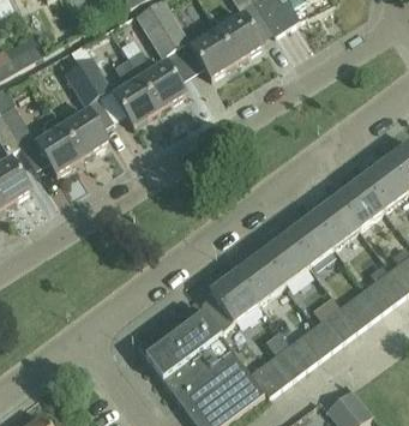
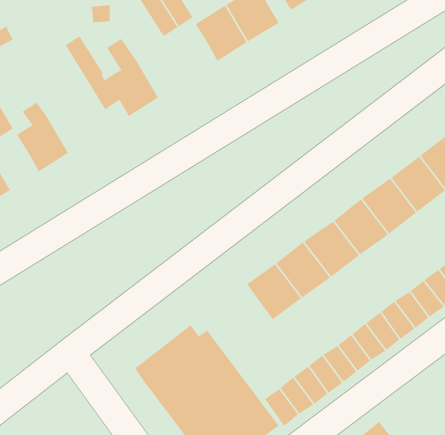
building: [127,49,186,109] -> none
building: [62,64,113,157] -> none
building: [200,271,258,330] -> none

